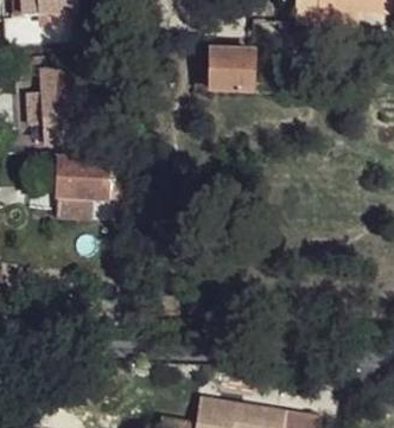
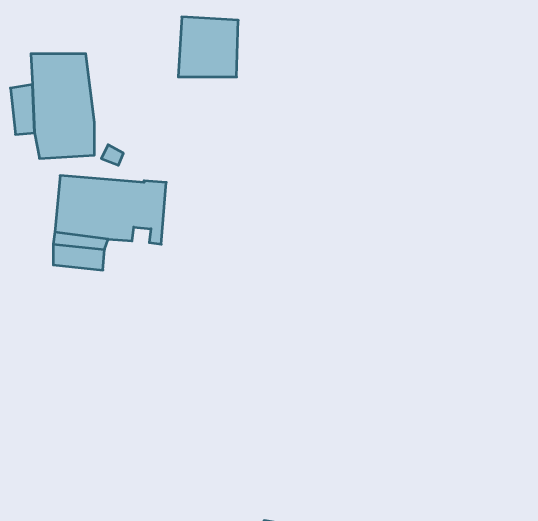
building: [209,50,250,91] -> [178,17,238,77]

